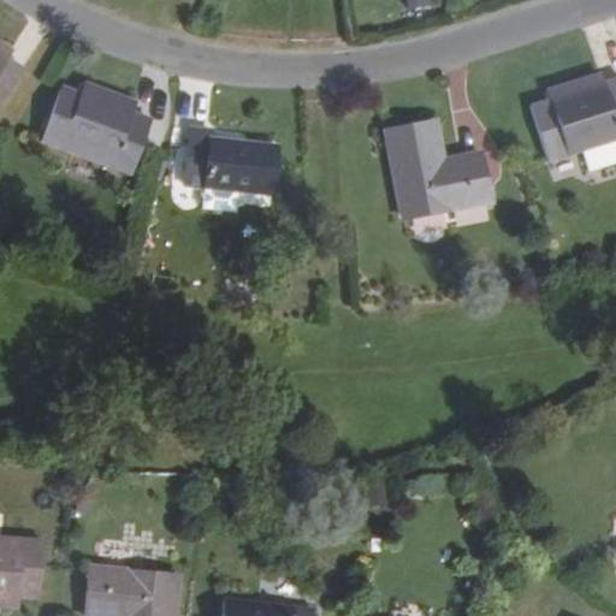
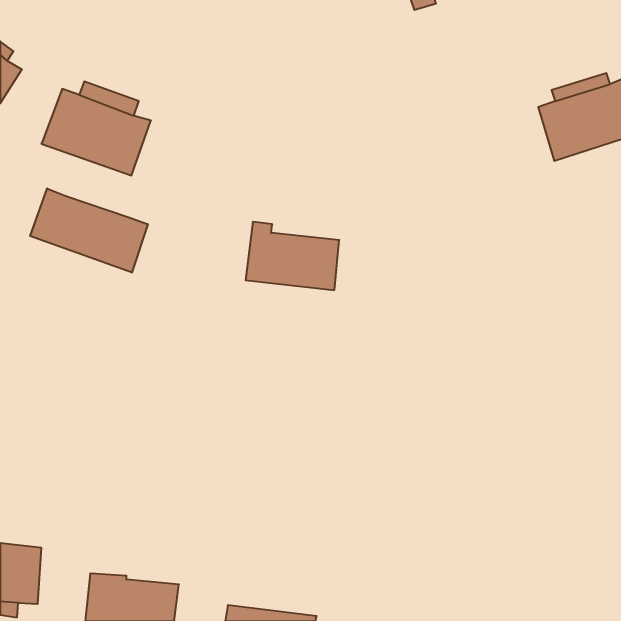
building: [385,122,488,217] -> none
building: [184,128,277,195] -> [246,222,339,290]
building: none -> [30,188,148,273]

